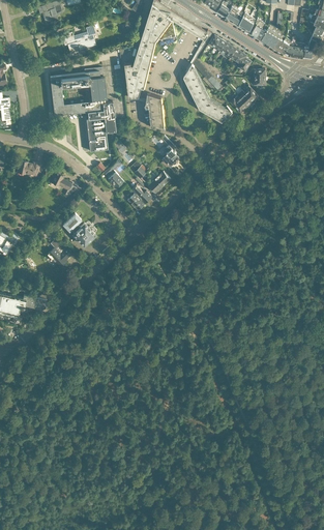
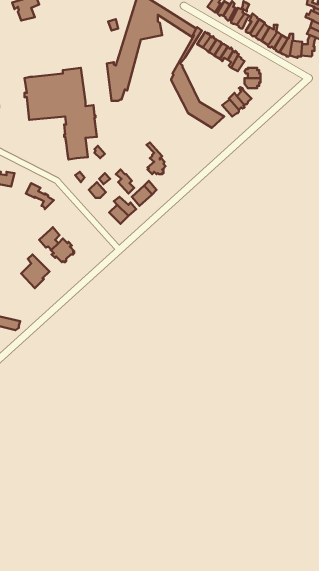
building: [63,25,95,54] -> none
building: [135,93,165,129] -> none

